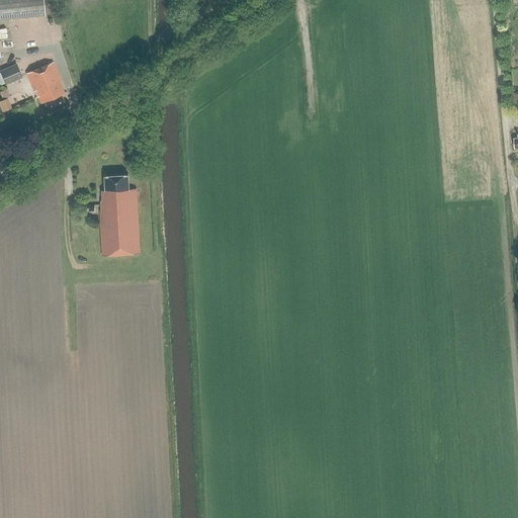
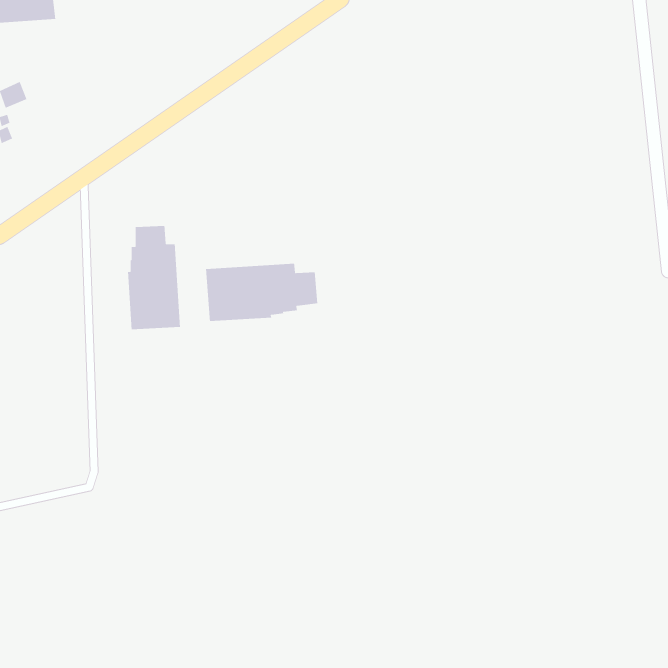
building: [26,63,64,112] -> none
building: none -> [205,263,318,322]

